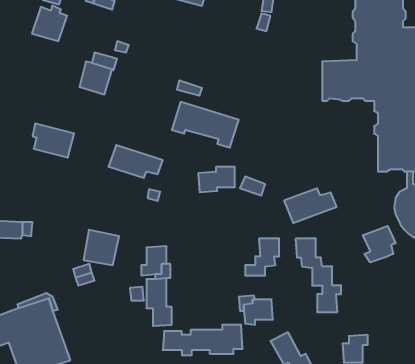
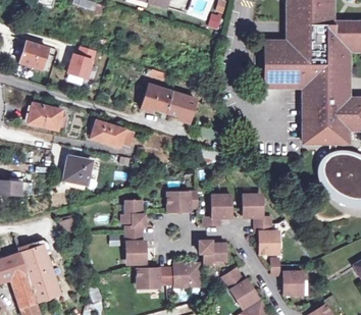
building: [32,6,67,41] -> [19,40,48,68]
building: [198,167,235,192] -> [163,193,193,213]
building: [284,188,336,223] -> none
building: [363,226,396,262] -> none
building: [84,230,119,265] -> [64,156,93,185]

